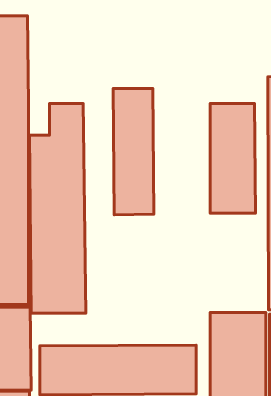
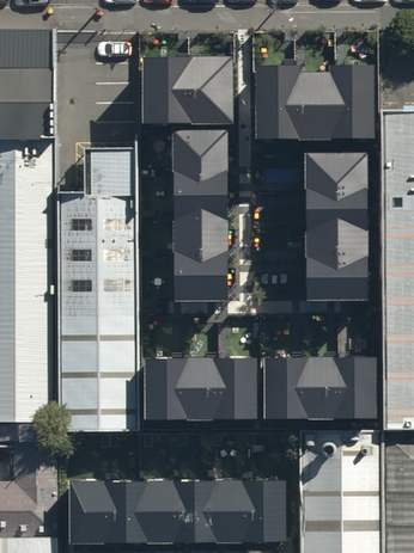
building: none -> [147,51,230,125]
building: none -> [256,62,371,140]
building: none -> [150,352,255,423]
building: none -> [266,356,373,423]

